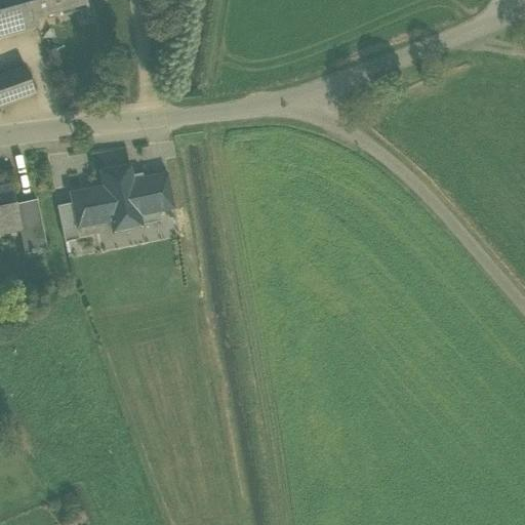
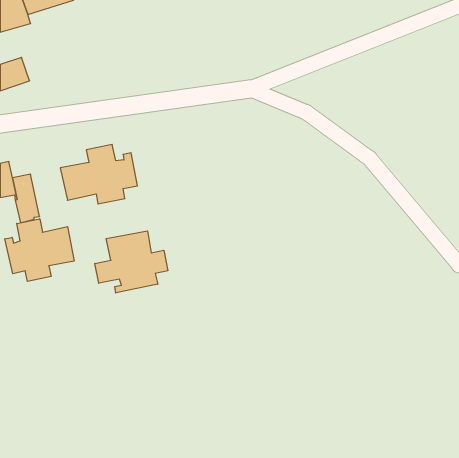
building: none -> [5,219,74,281]
building: none -> [95,231,168,293]

